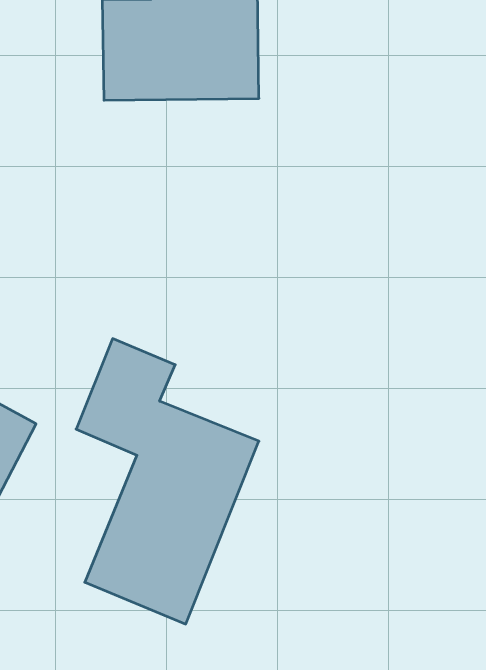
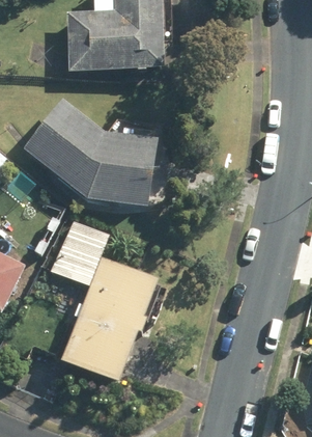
building: none -> [22,99,157,211]

